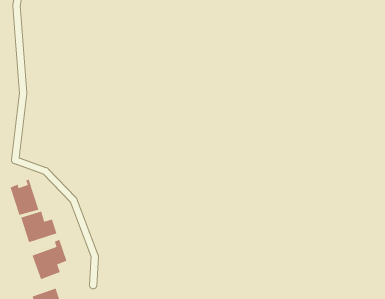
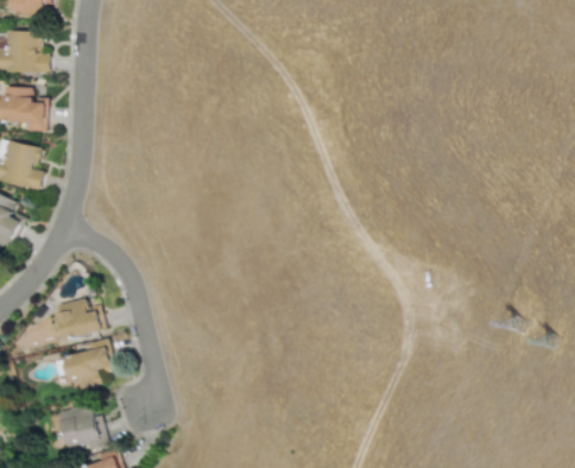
building: [10,179,39,216] -> none

